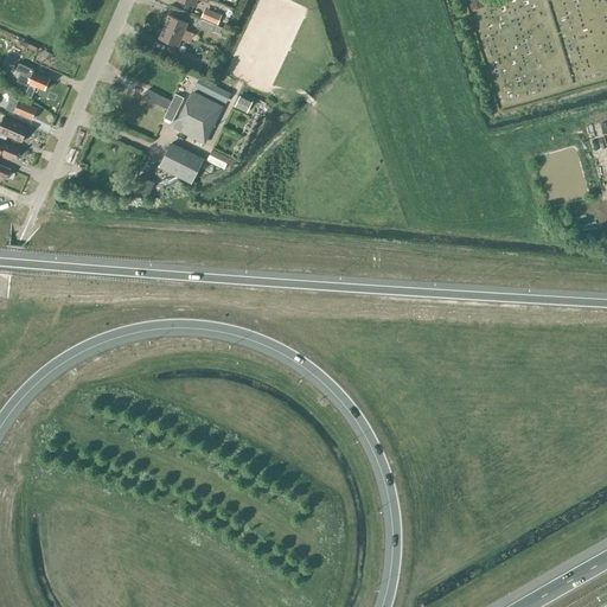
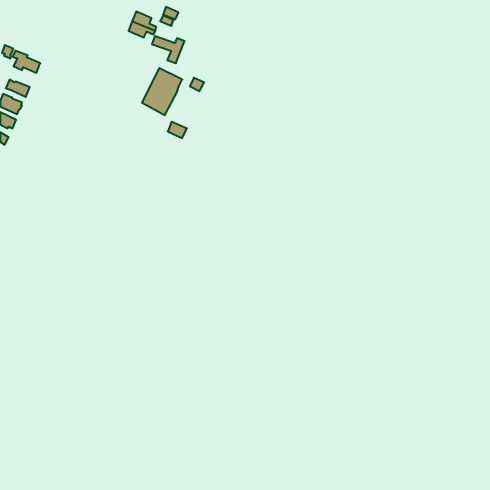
building: [145,90,185,123] -> [152,36,185,63]
building: [160,145,202,181] -> none

